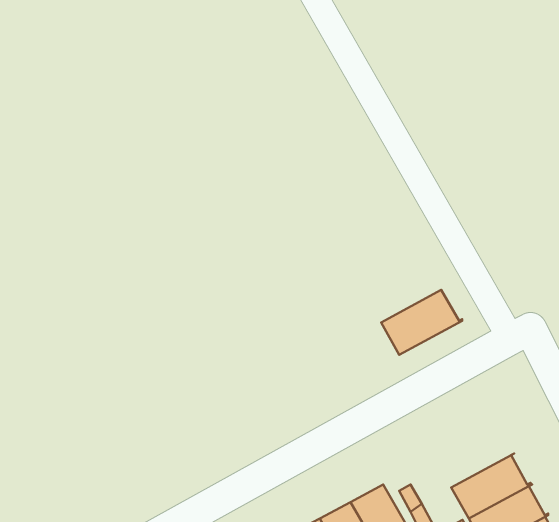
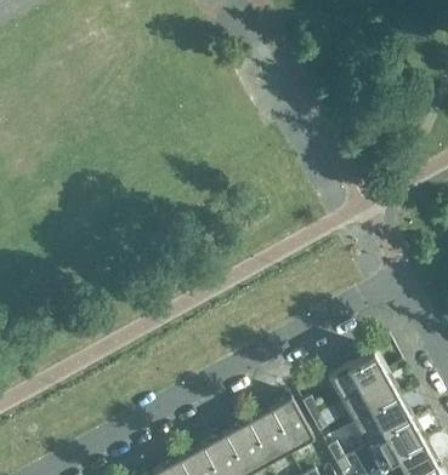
building: [381,290,462,355] -> [330,354,391,402]

